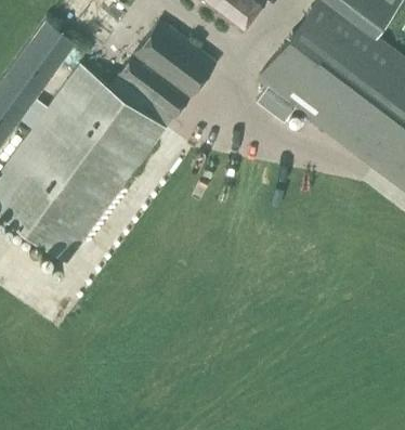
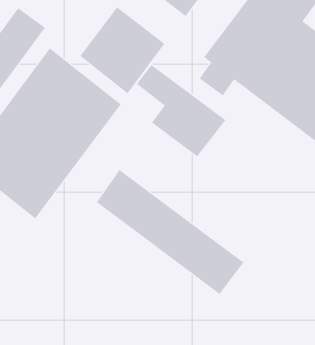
building: none -> [136,64,226,157]
building: none -> [96,169,244,295]

